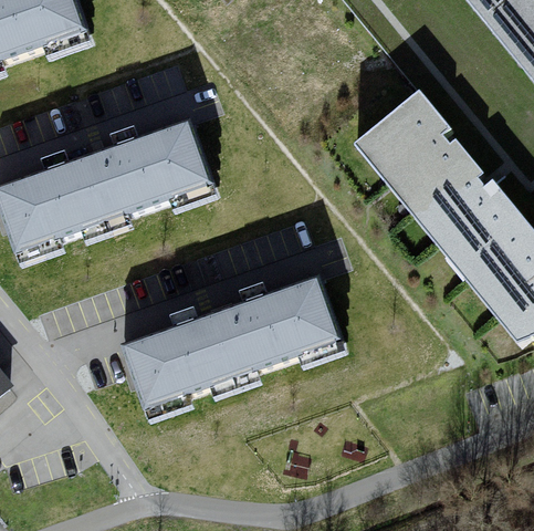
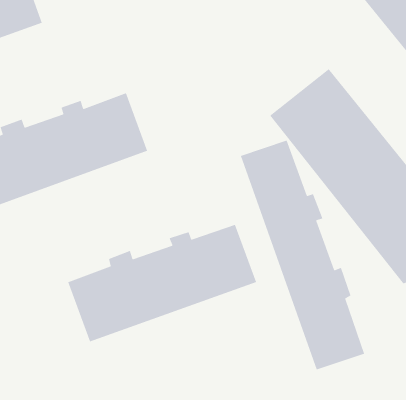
building: none -> [240,139,365,371]

